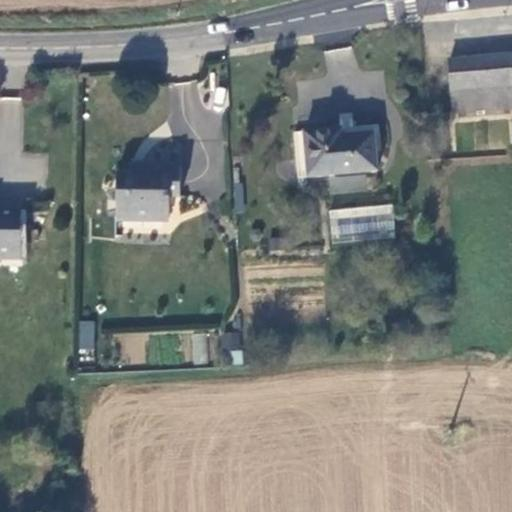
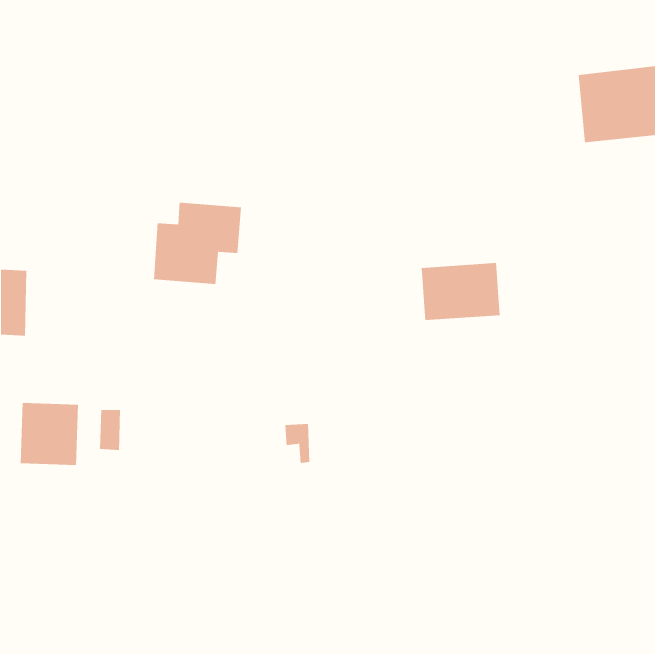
building: [296,130,374,176] -> none
building: none -> [20,402,78,466]

